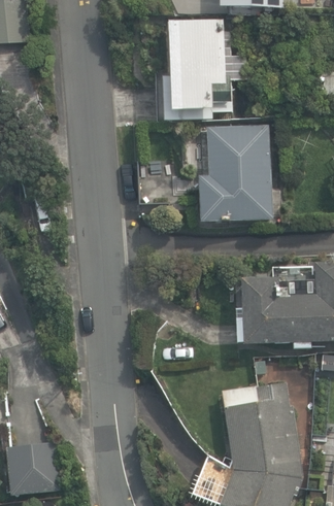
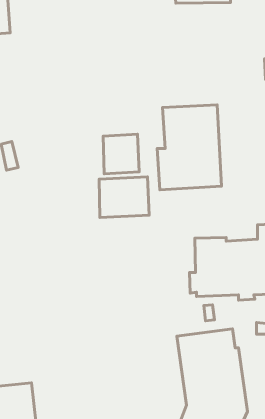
building: [157,19,232,122] -> none
building: none -> [99,177,149,218]

